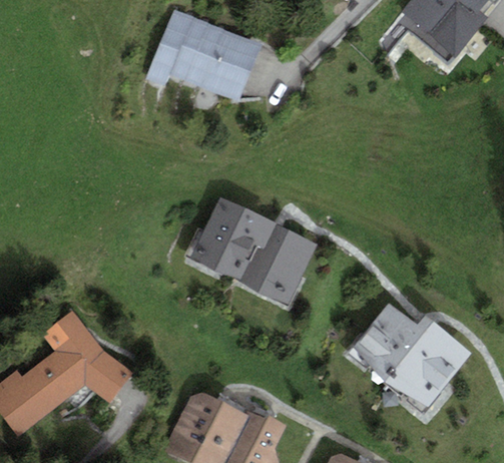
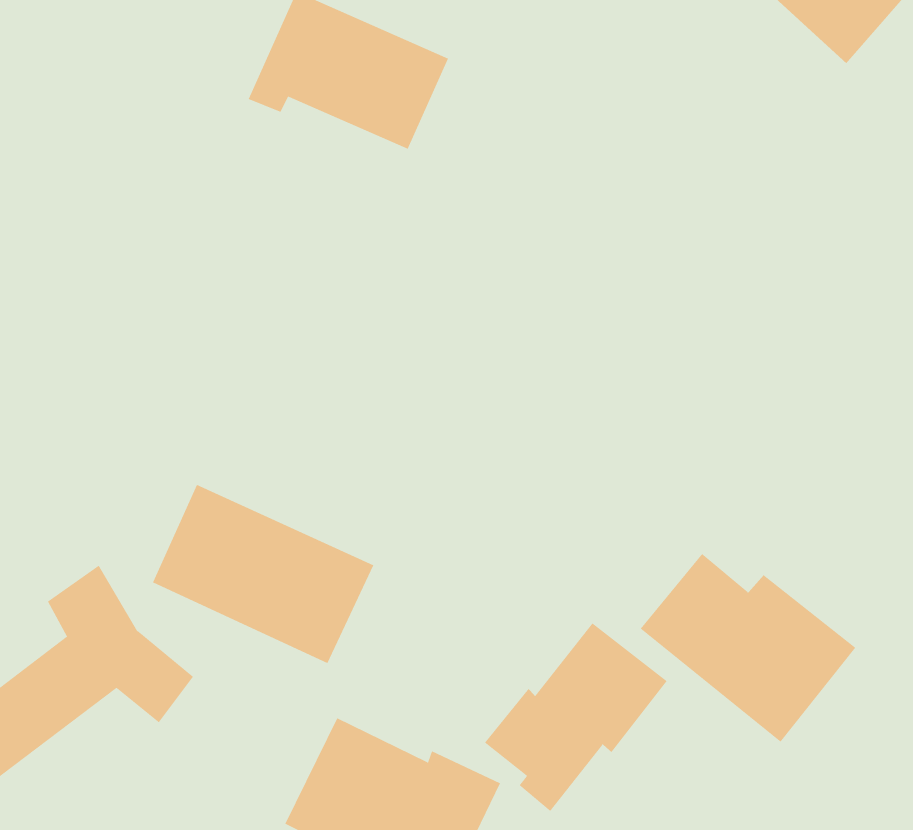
building: [191,202,307,296] -> [152,484,374,664]
building: none -> [484,622,667,812]

